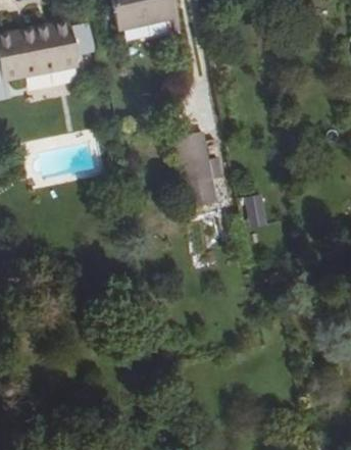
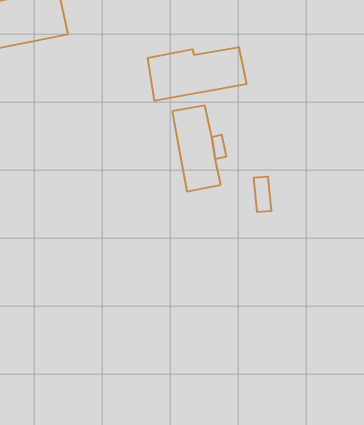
building: none -> [148,47,247,101]

